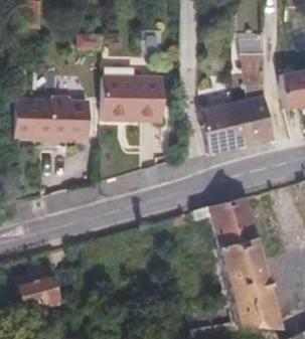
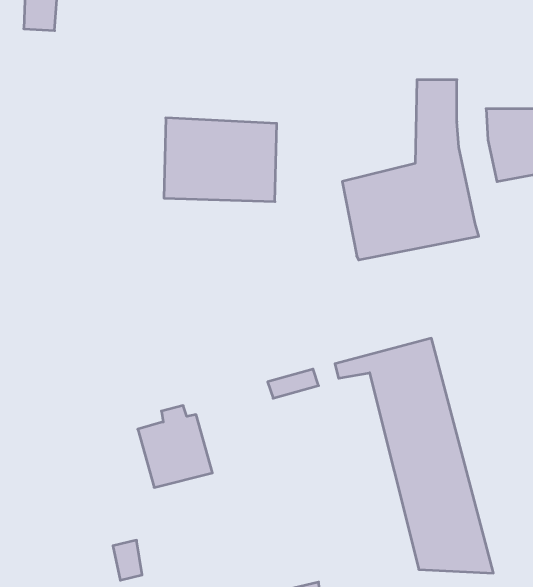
building: [16,98,88,138] -> none
building: [17,264,58,309] -> [138,406,212,487]

